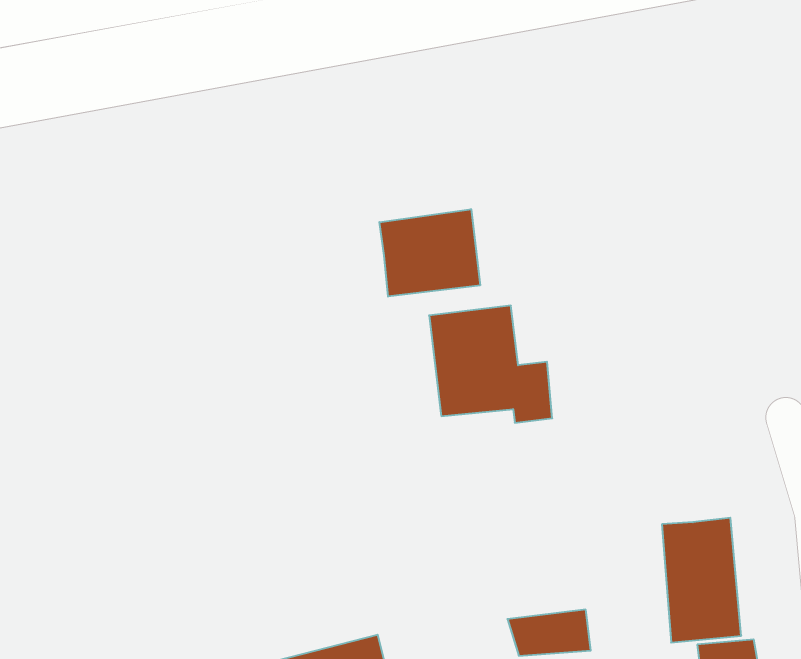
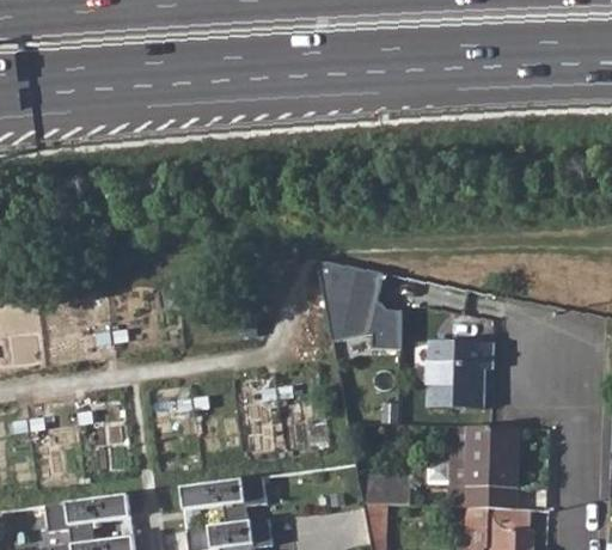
building: [379,209,480,297] -> none
building: none -> [424,342,491,410]

